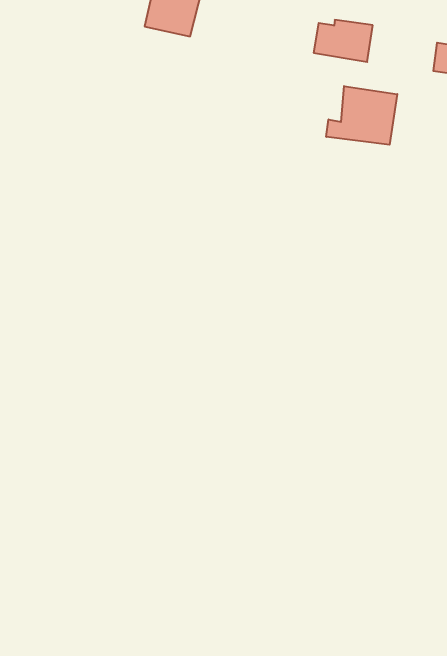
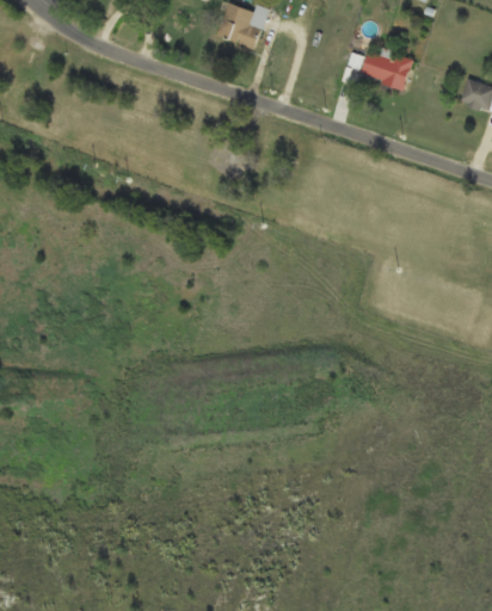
building: [326,86,397,145] -> none

